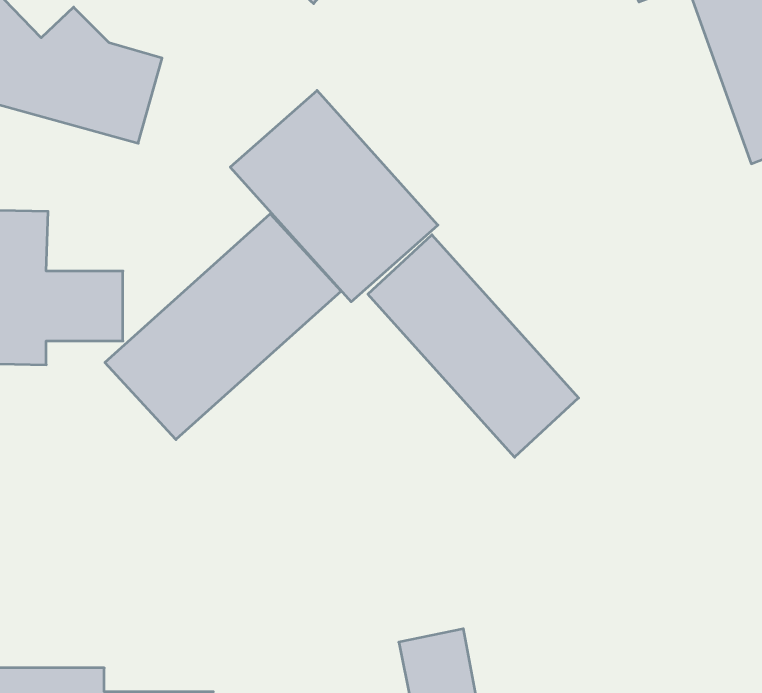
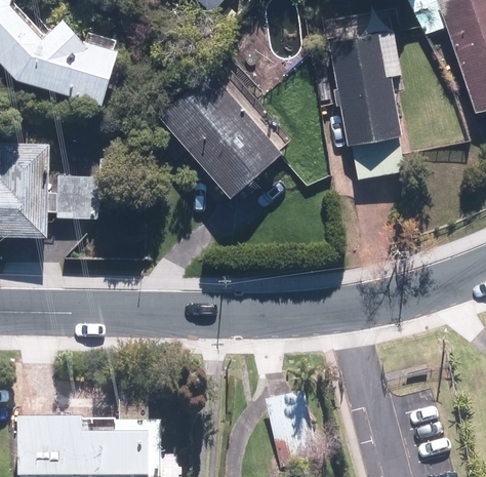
building: none -> [327,35,401,147]
building: [105,214,341,440] -> none
building: [368,235,579,457] -> none

